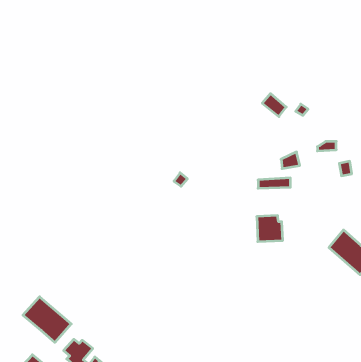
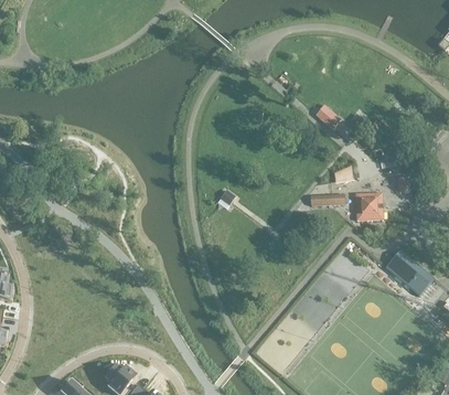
building: [257,216,283,242] -> [354,192,382,220]
building: [23,297,71,342] -> none

